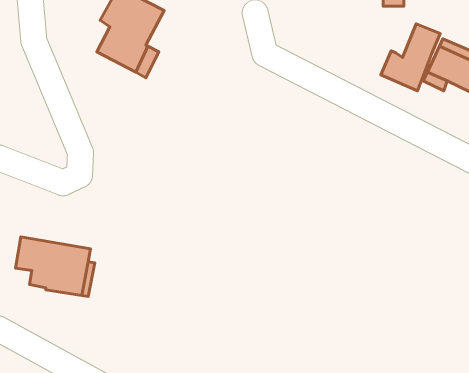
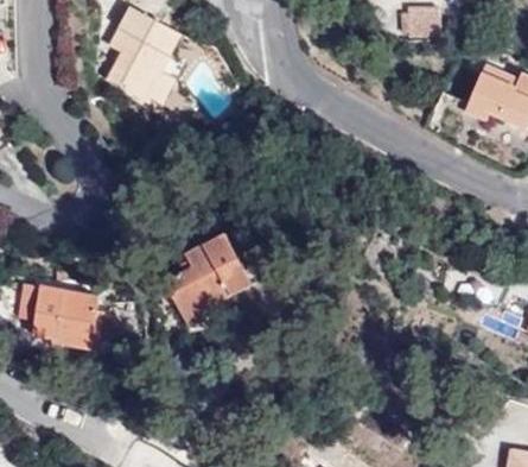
building: [381,24,440,91] -> none
building: none -> [166,235,252,330]

